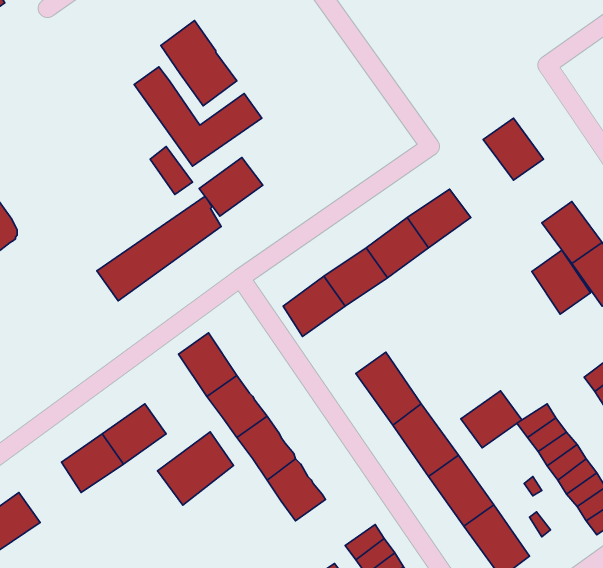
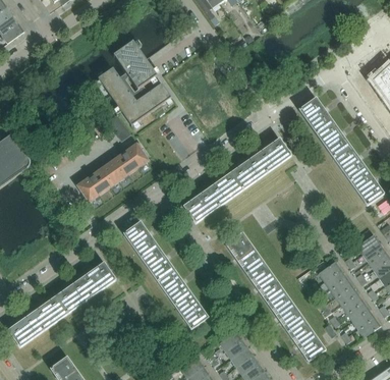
building: [199,158,263,216] -> none
building: [532,250,590,314] -> [316,121,349,158]
building: [461,391,522,448] -> none
building: [157,432,233,505] -> none
building: none -> [32,295,67,330]

